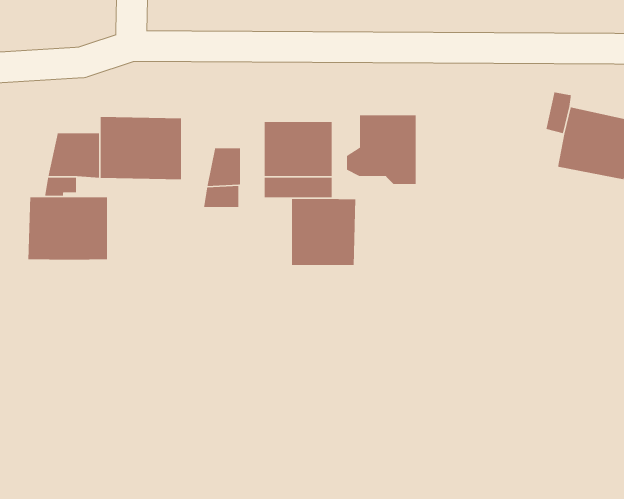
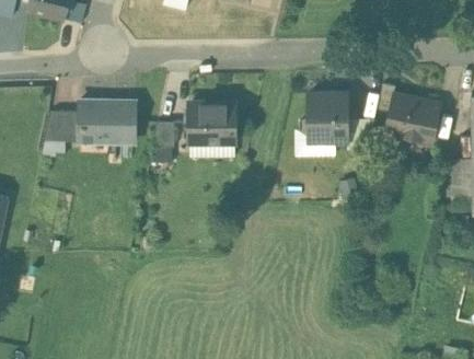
building: [346,115,416,185] -> [300,94,347,141]
building: [28,196,108,260] -> none
building: [291,198,356,266] -> none

